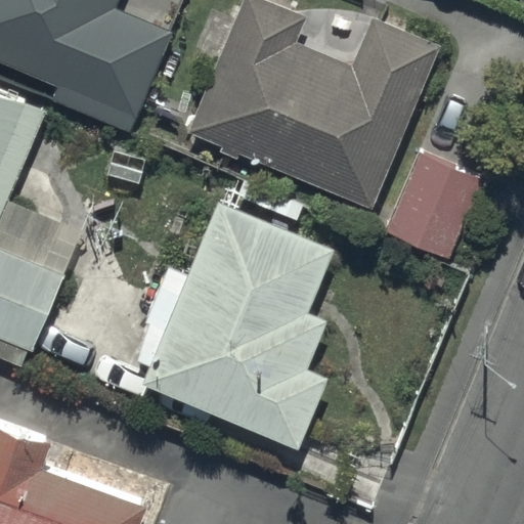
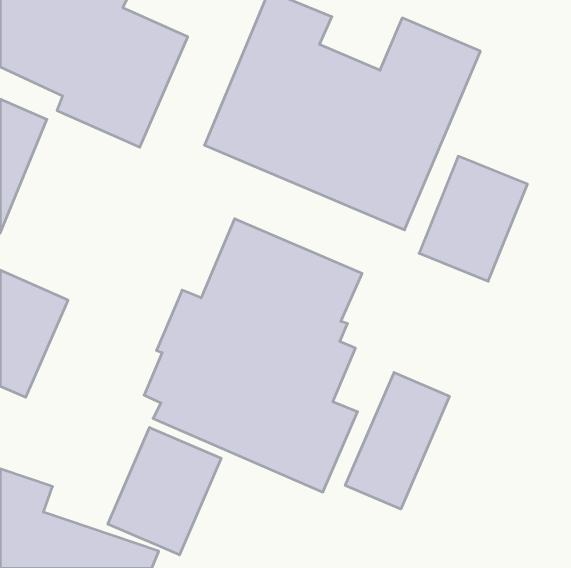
building: none -> [345,372,449,509]
building: none -> [108,427,221,555]

